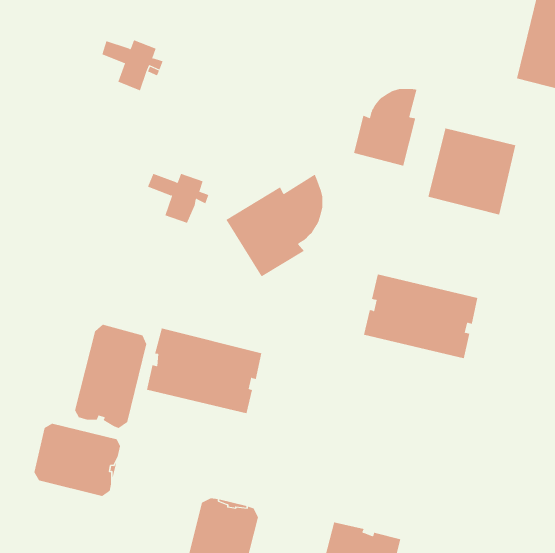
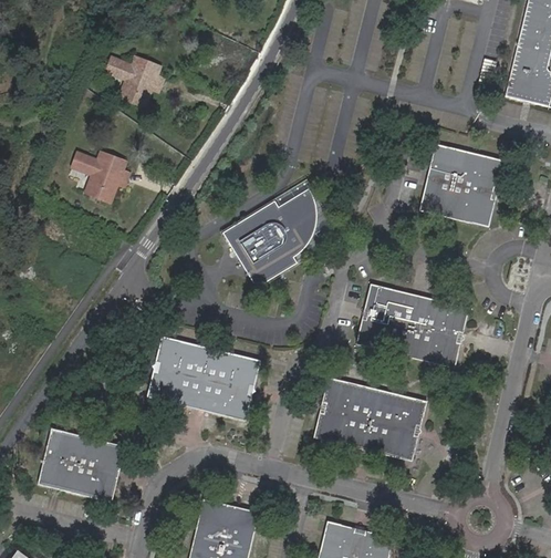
building: [353,88,417,167] -> none
building: [147,173,209,224] -> [69,153,128,202]
building: [75,324,147,429] -> none
building: none -> [313,376,425,459]

